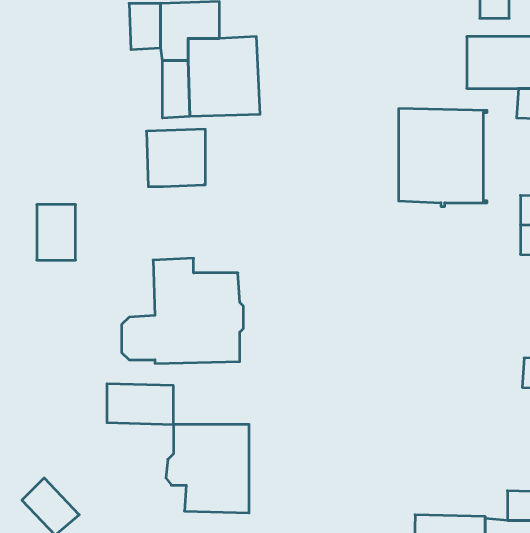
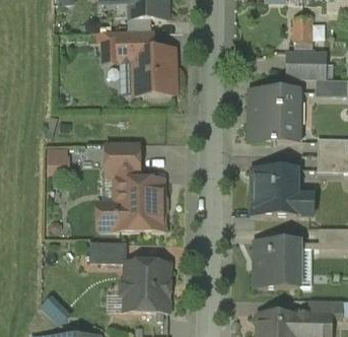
building: [146,129,205,187] -> [107,141,139,173]
building: none -> [254,166,314,214]
building: none -> [256,241,300,287]

